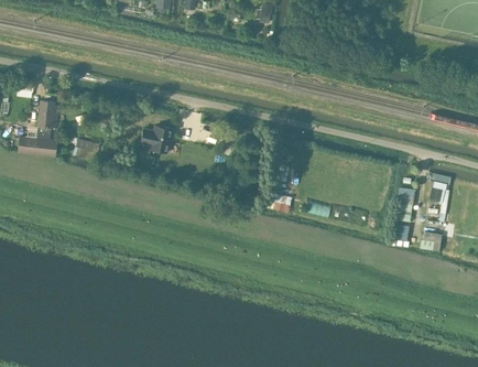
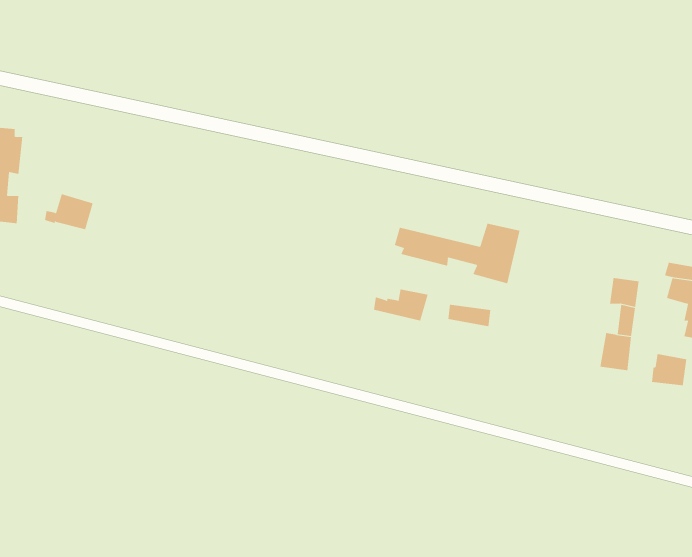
building: [140,125,169,152] -> none
building: none -> [394,223,520,284]

